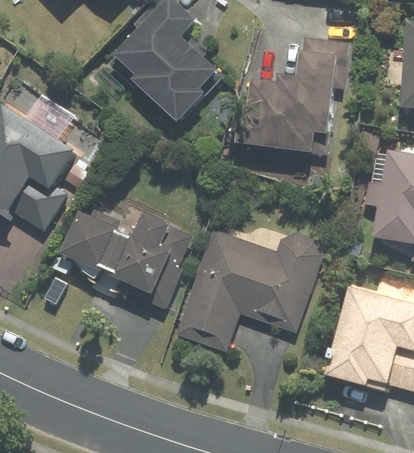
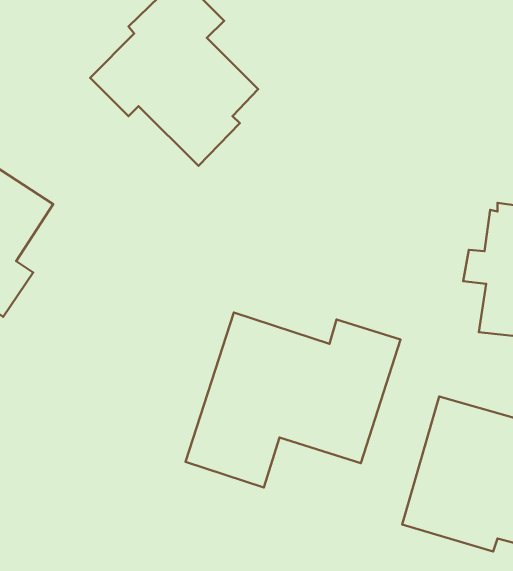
building: [227,38,348,152] -> none
building: [62,212,191,295] -> none

